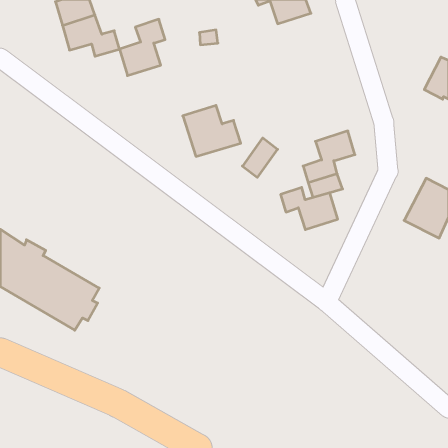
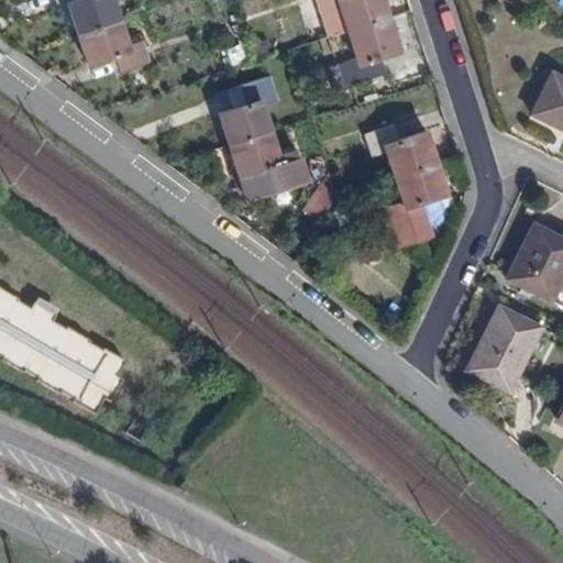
building: none -> [327,16,400,88]
building: [119,19,165,76] -> [220,75,277,145]
building: [281,187,338,230] -> [365,124,437,177]
building: none -> [467,306,540,388]

